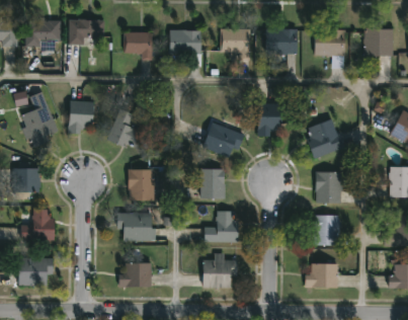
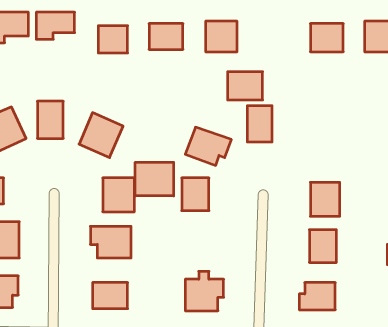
building: [265,28,297,54] -> [228,72,263,100]
building: [305,124,345,158] -> none
building: none -> [135,162,174,196]
building: [205,211,237,242] -> none

